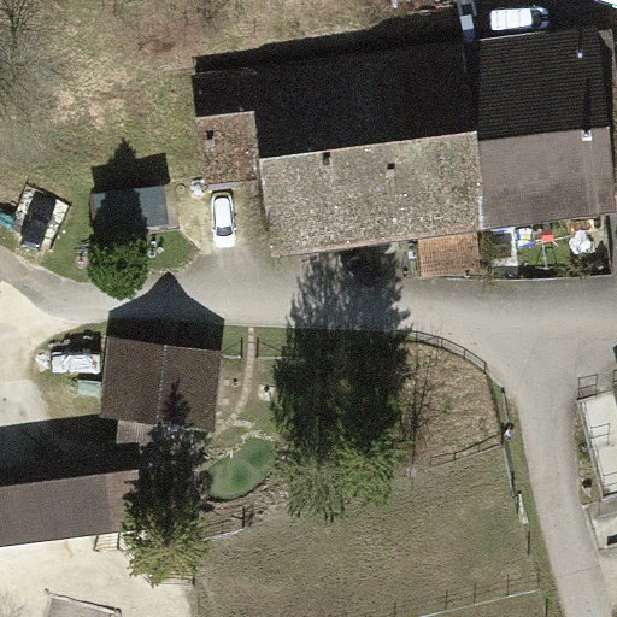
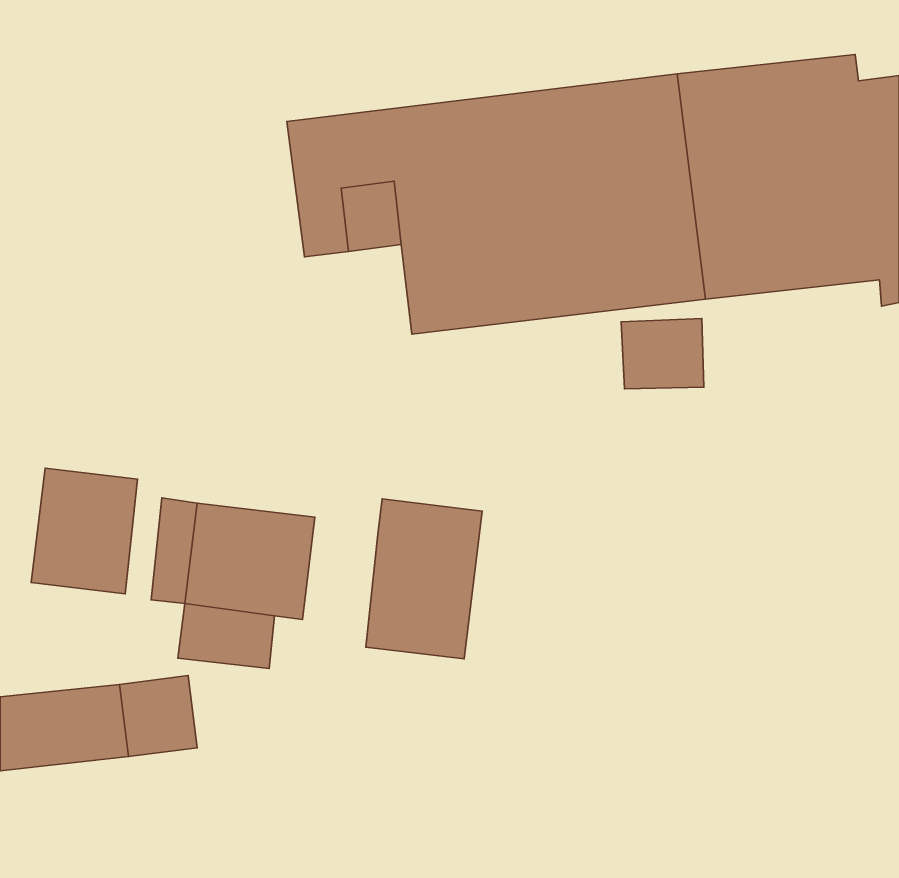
building: none -> [31,468,137,594]
building: none -> [366,499,482,659]

